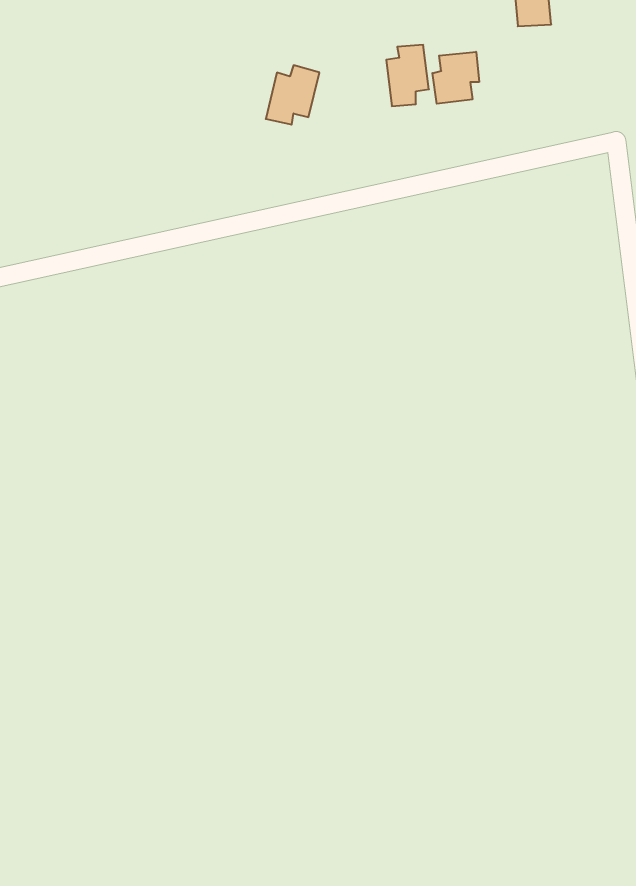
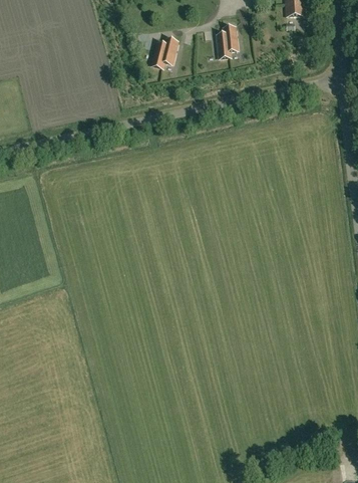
building: [432,52,479,104] -> none

